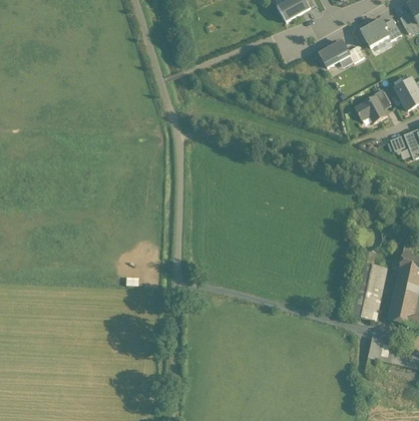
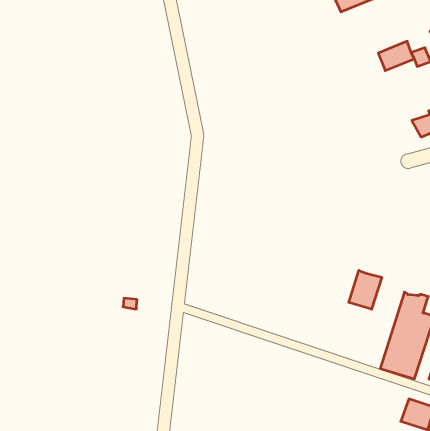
building: none -> [349,270,382,309]

